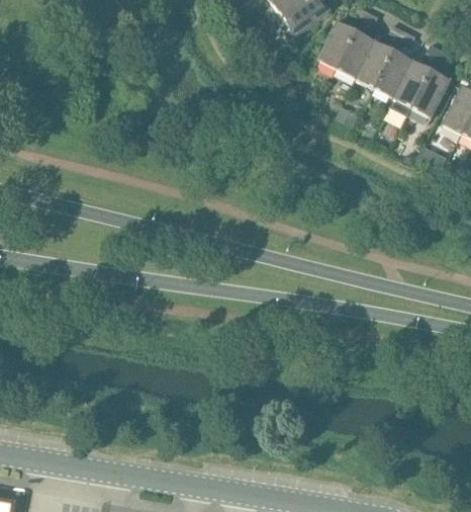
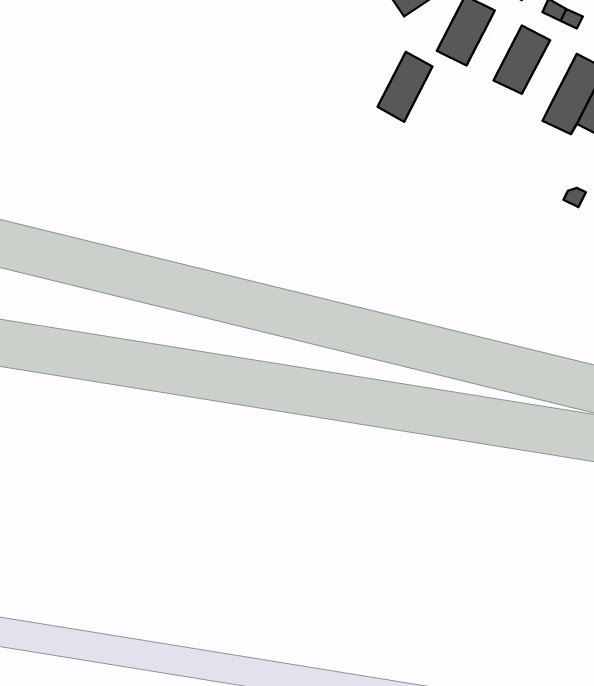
building: [339,30,376,78] -> [377,52,433,122]
building: [376,51,413,97] -> none

